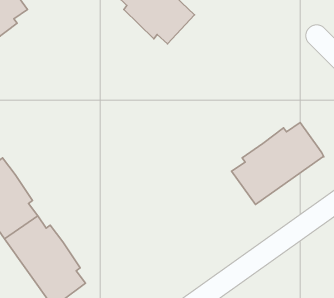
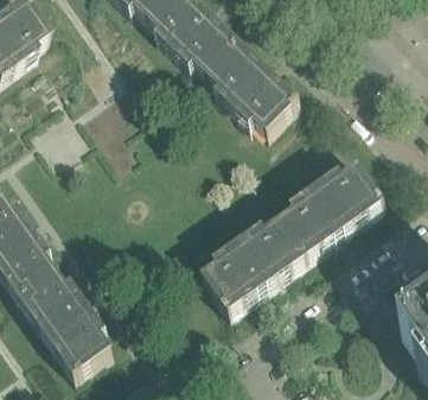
building: none -> [205,42,299,134]
building: none -> [202,221,306,315]

